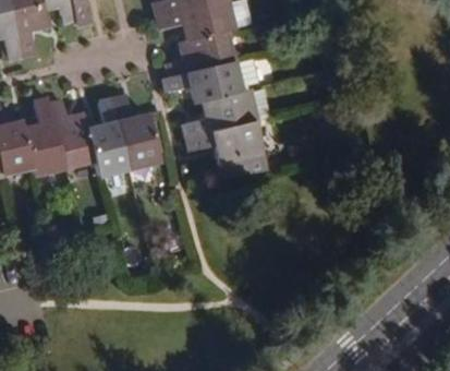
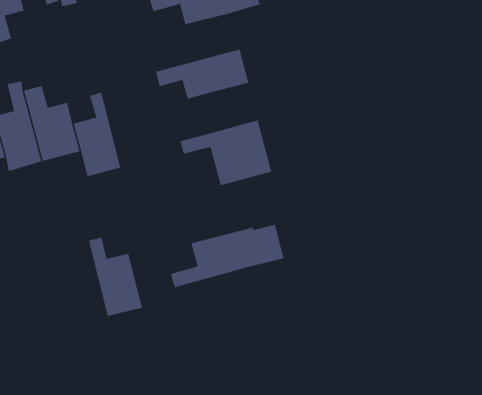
building: [165,32,233,80] -> none
building: [178,87,276,142] -> [170,224,284,288]
building: [114,96,161,165] -> [88,237,143,317]

